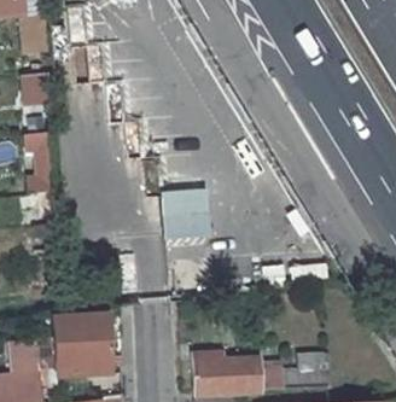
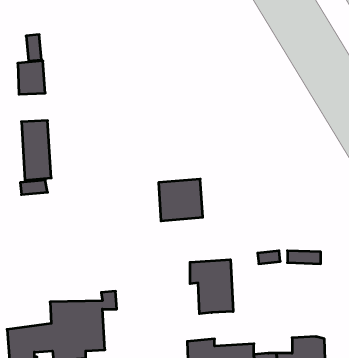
building: none -> [190,260,233,314]

